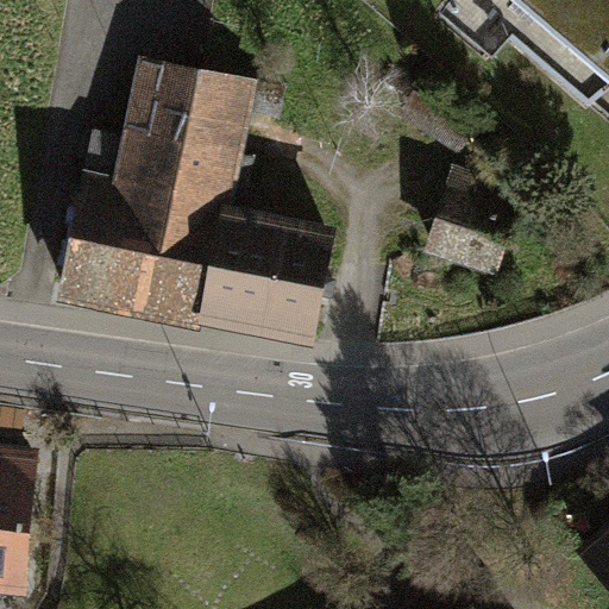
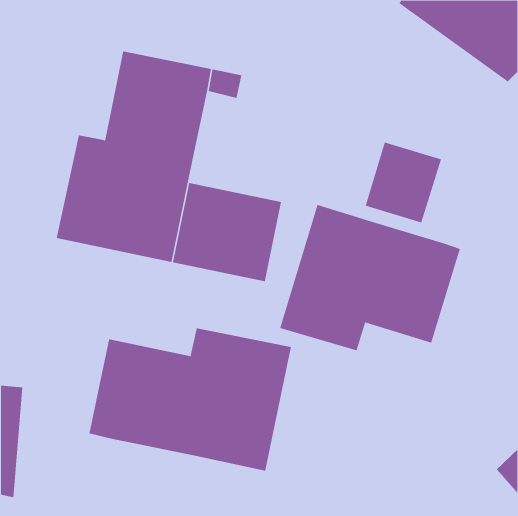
building: none -> [280,204,461,351]
building: none -> [89,328,291,471]

